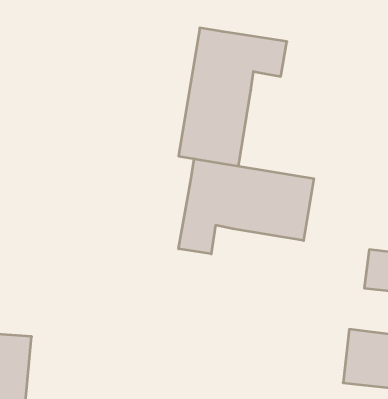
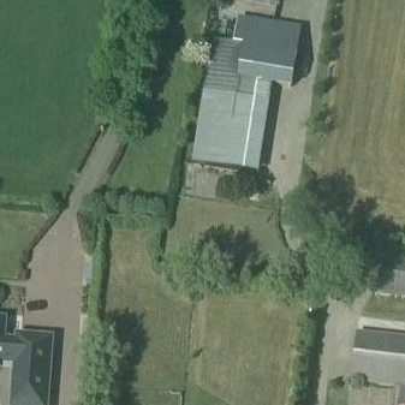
building: none -> [236,14,302,49]
building: [179,159,314,254] -> none

